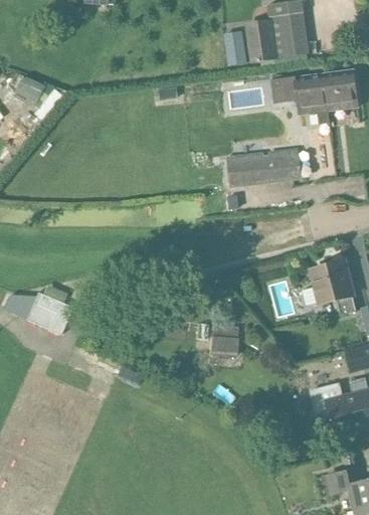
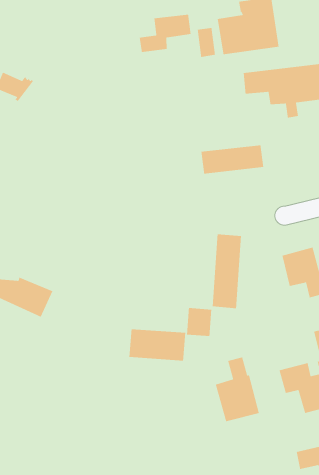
building: none -> [139,14,192,53]
building: none -> [212,233,242,309]
building: none -> [128,328,186,361]
building: none -> [215,356,260,422]

